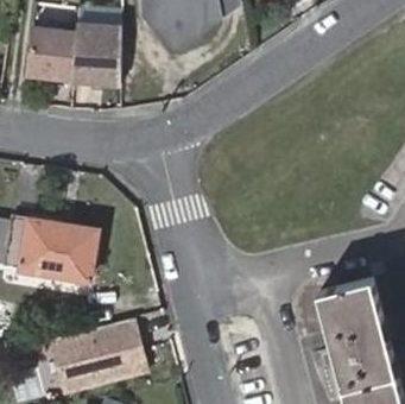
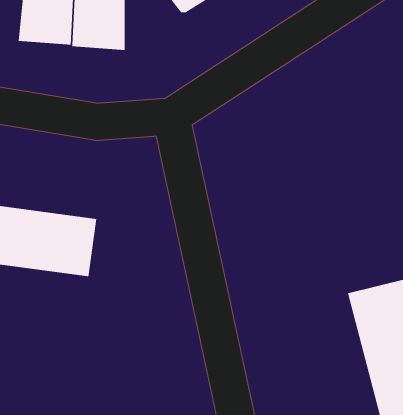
building: [49,315,151,392] -> none

